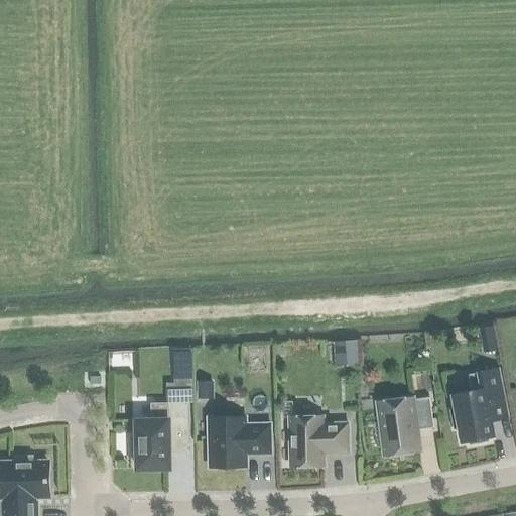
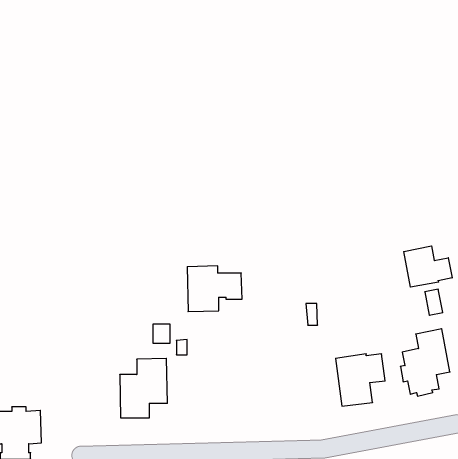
building: none -> [404,246,452,287]
building: [208,416,269,468] -> [187,266,242,312]
building: [288,416,347,467] -> none

